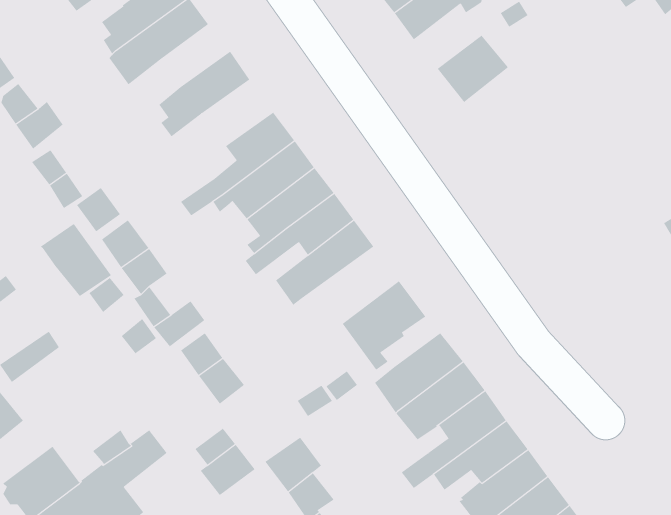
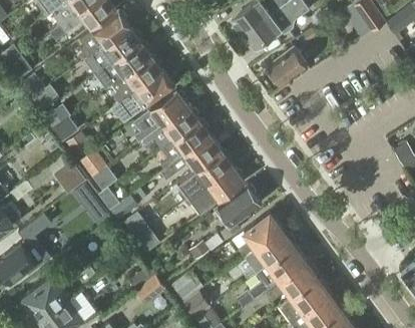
building: none -> [94,40,151,89]
building: none -> [111,71,173,123]
building: none -> [183,165,244,212]

